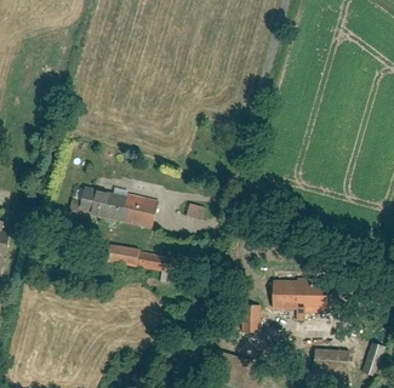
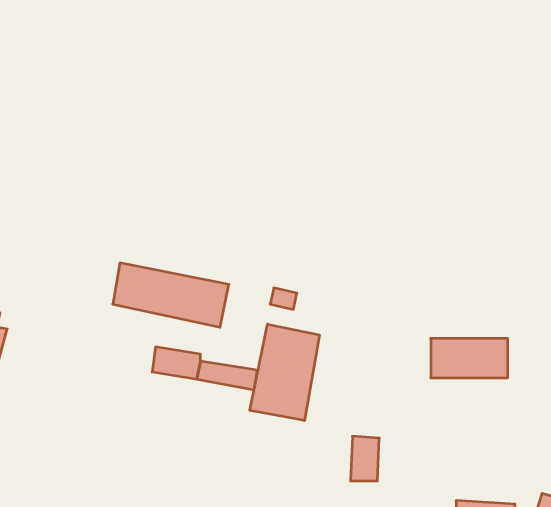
building: none -> [250,324,319,421]
building: [275,279,327,306] -> [431,338,508,378]

